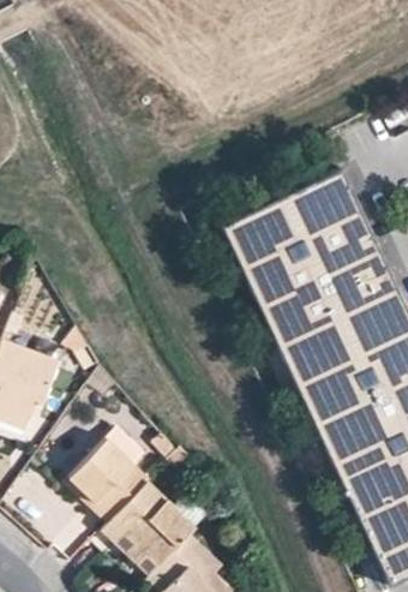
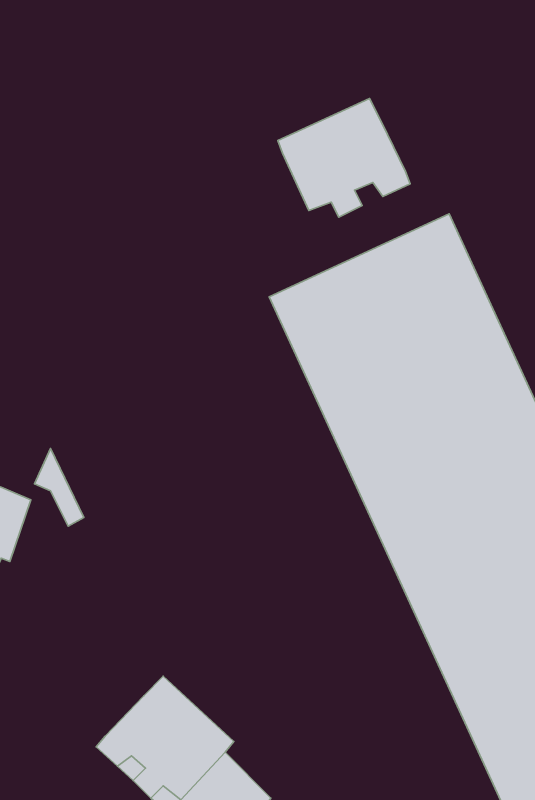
building: none -> [278,98,410,217]
building: [72,438,136,524] -> none

